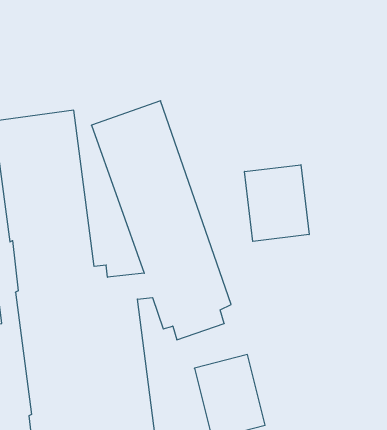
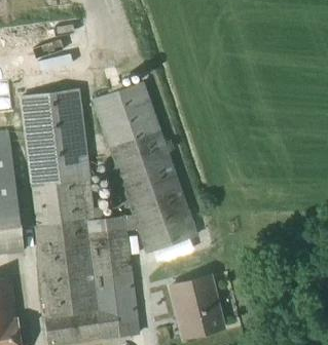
building: [245,165,309,241] -> none

